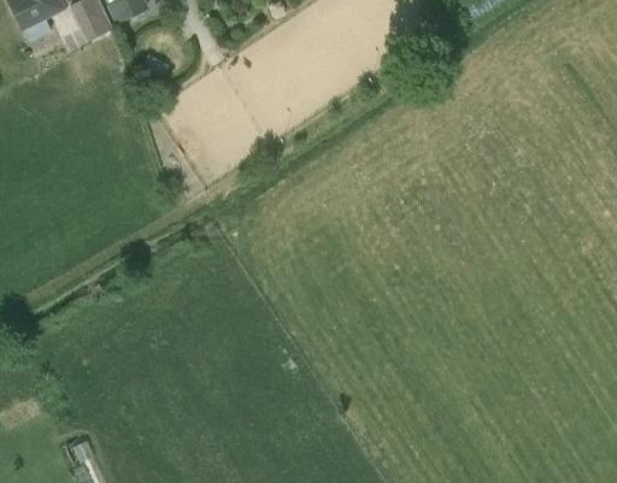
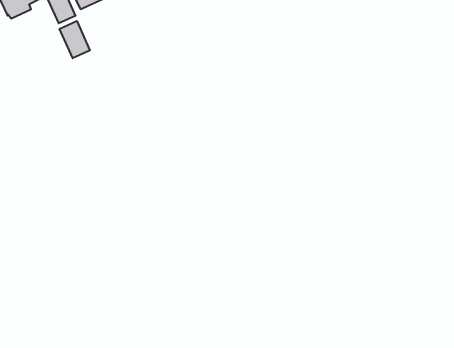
building: none -> [60,21,90,58]

